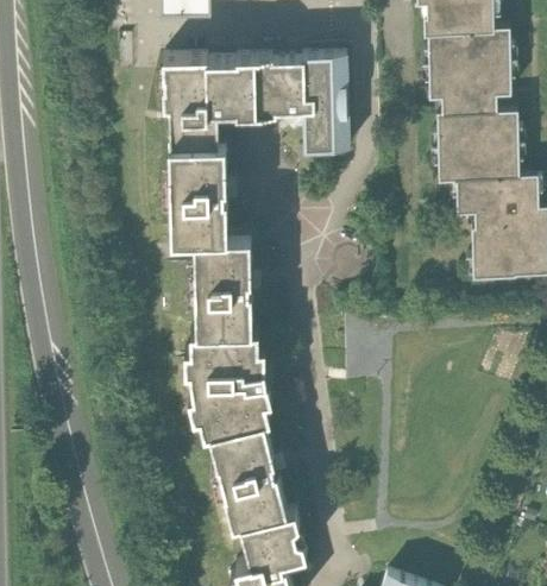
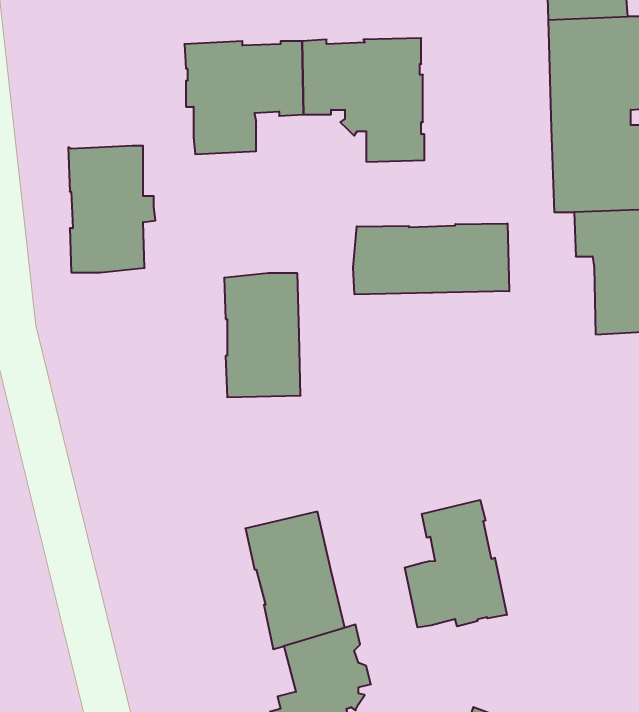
building: [165,139,233,238] -> [68,146,155,272]
building: none -> [353,223,509,294]
building: [182,328,270,435] -> none
building: none -> [405,500,507,627]

